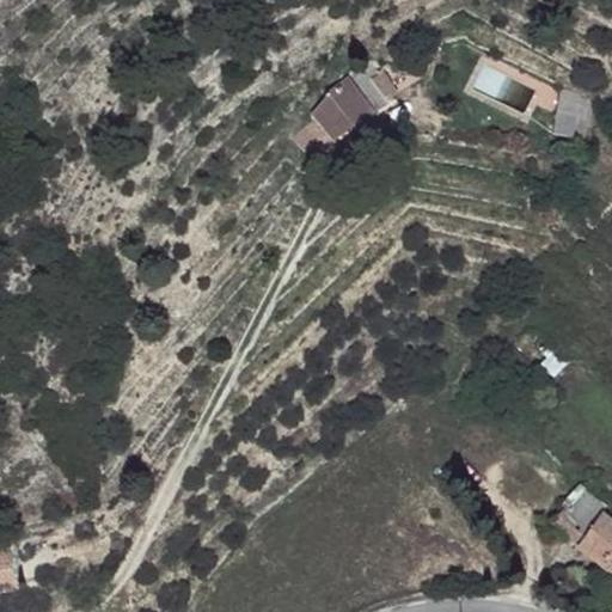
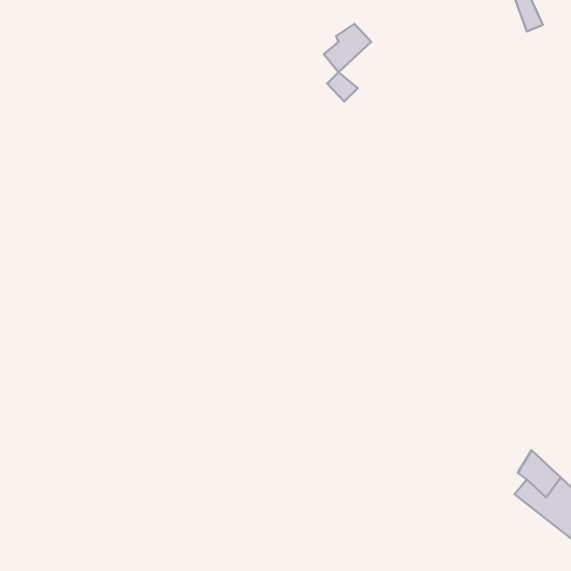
building: [320,88,371,140] -> [324,24,371,72]

